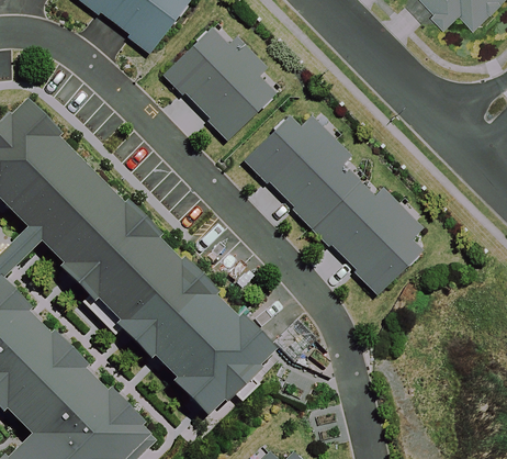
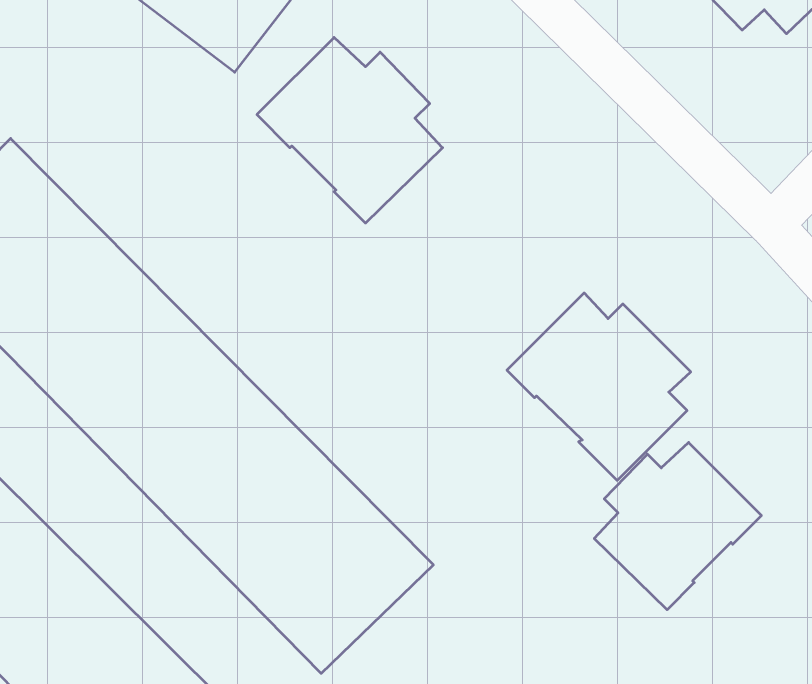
building: [246,117,359,228] -> none
building: none -> [594,442,761,610]

